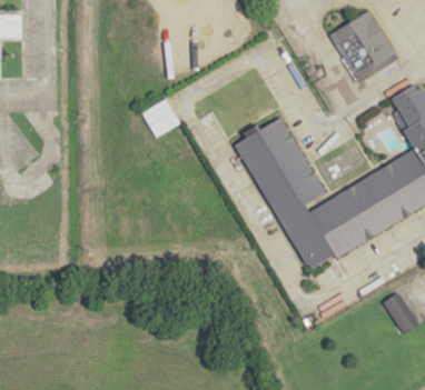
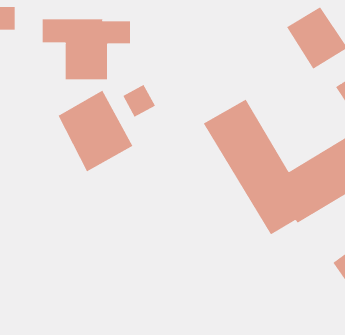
building: none -> [42,19,130,80]
building: none -> [58,90,133,172]

